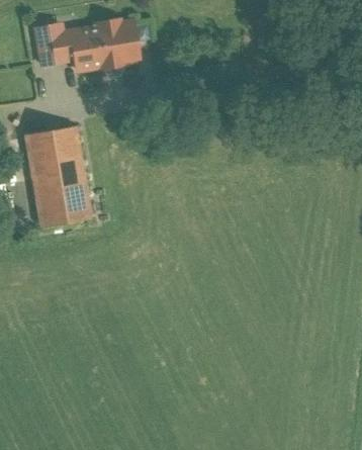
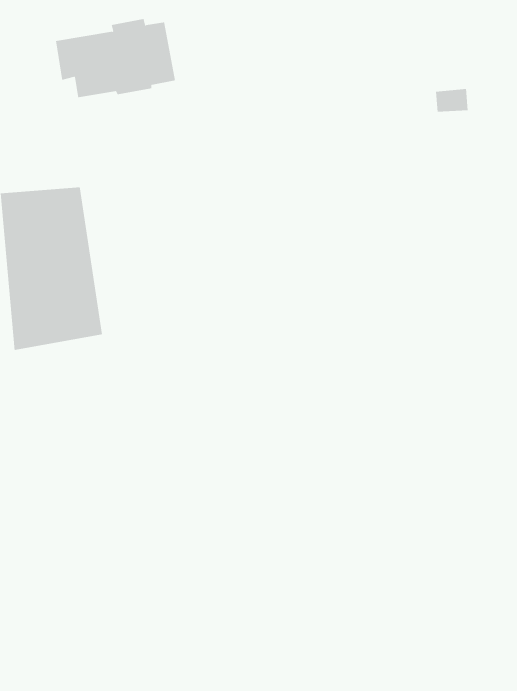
building: [34,24,68,64] -> none

